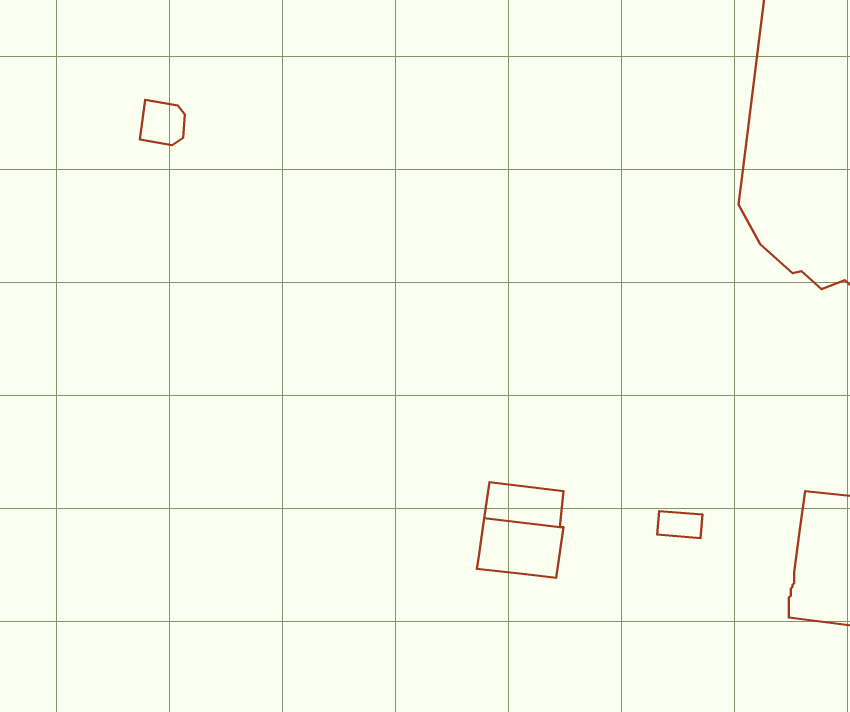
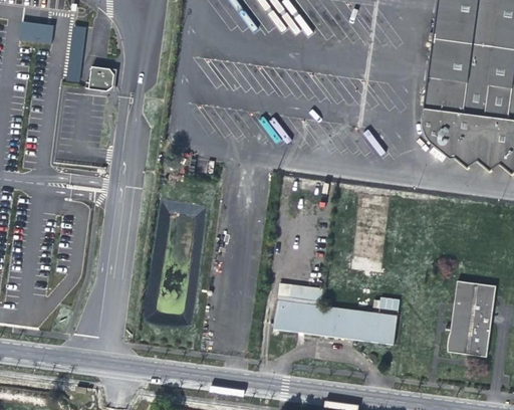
building: none -> [20,19,55,42]
building: none -> [67,23,88,80]
building: none -> [319,304,409,344]

